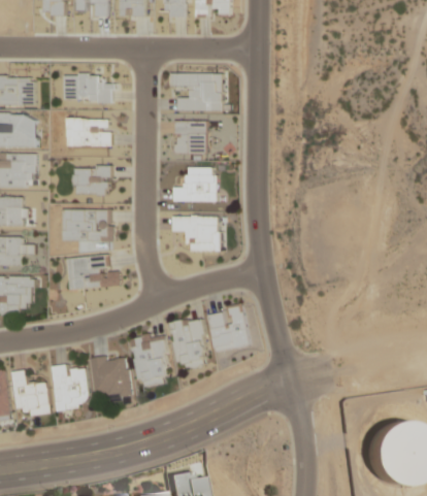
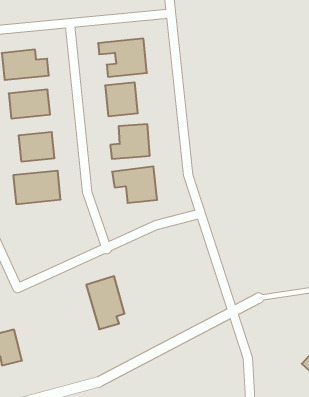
building: [68,256,120,291] -> none
building: [209,304,249,352] -> none
building: [171,318,209,370] -> none
building: [92,354,131,402] -> none
building: [53,364,91,410] -> none

